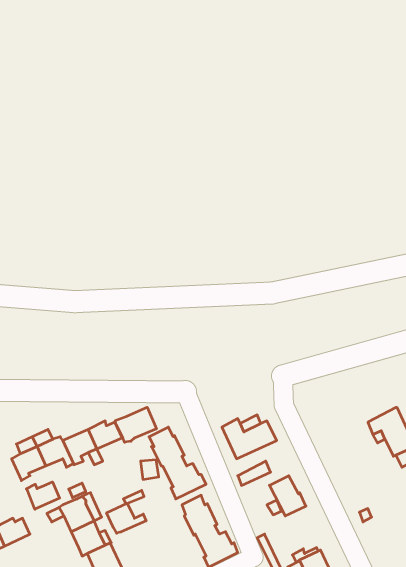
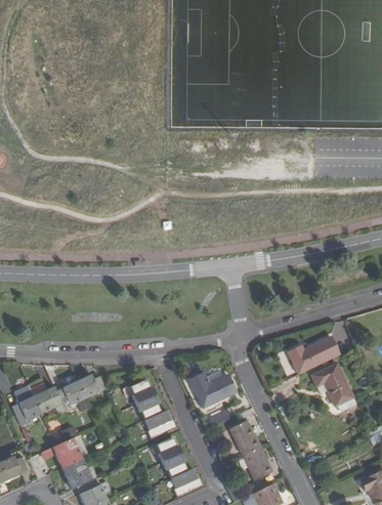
building: none -> [288,338,339,374]
building: [115,407,156,442] -> none
building: [26,482,60,509] -> none
building: [107,503,146,533] -> none
building: none -> [243,446,272,479]

